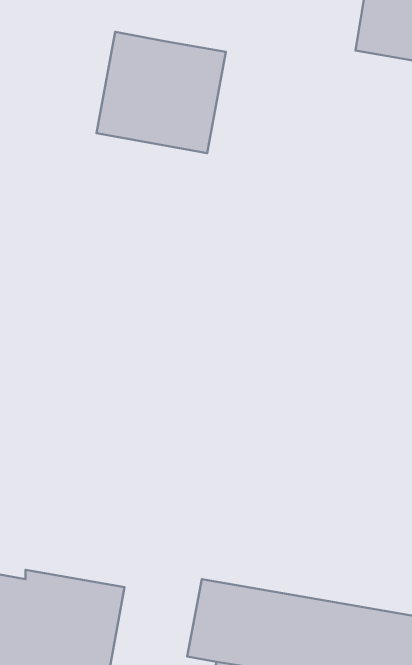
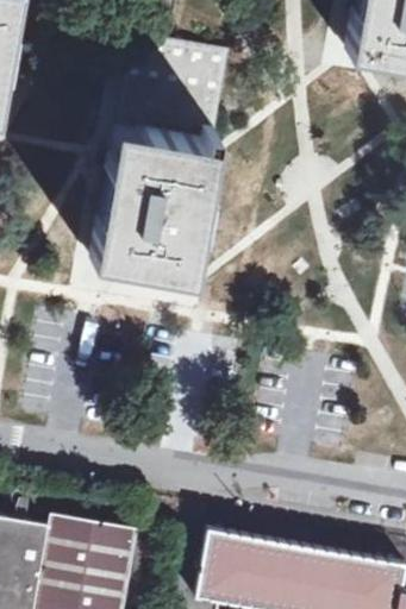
building: none -> [81,128,225,289]

